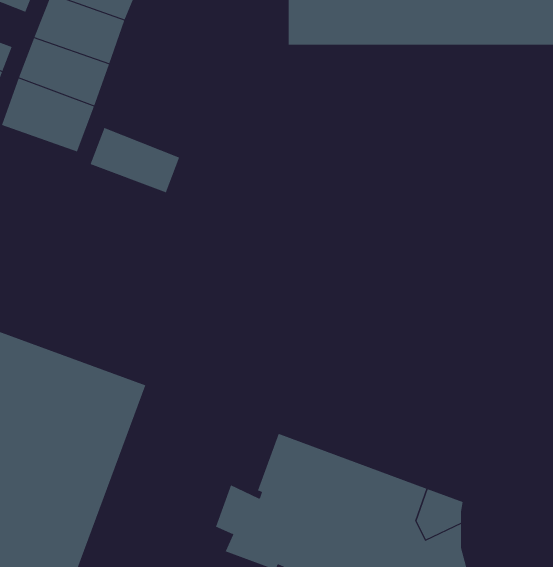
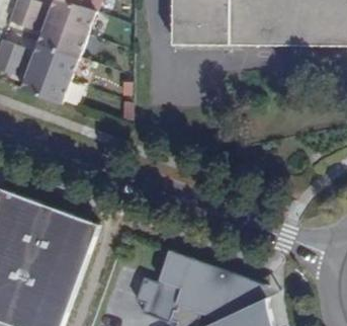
building: [90,127,180,193] -> none

